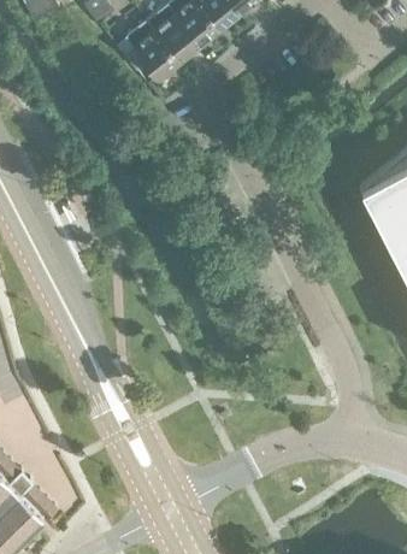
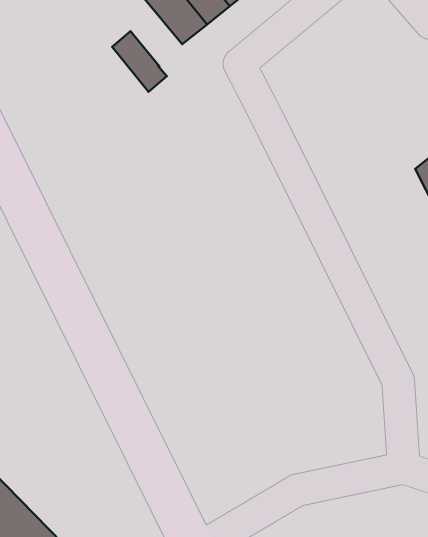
building: none -> [112,31,167,92]

